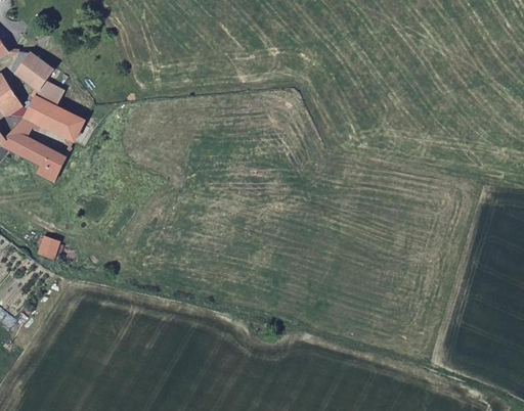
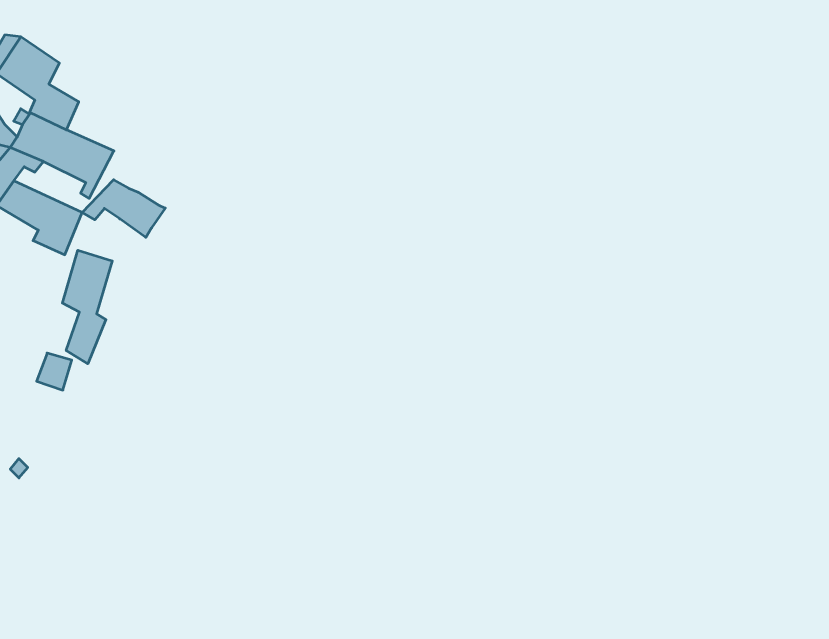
building: none -> [82,180,165,237]
building: none -> [62,250,112,364]

